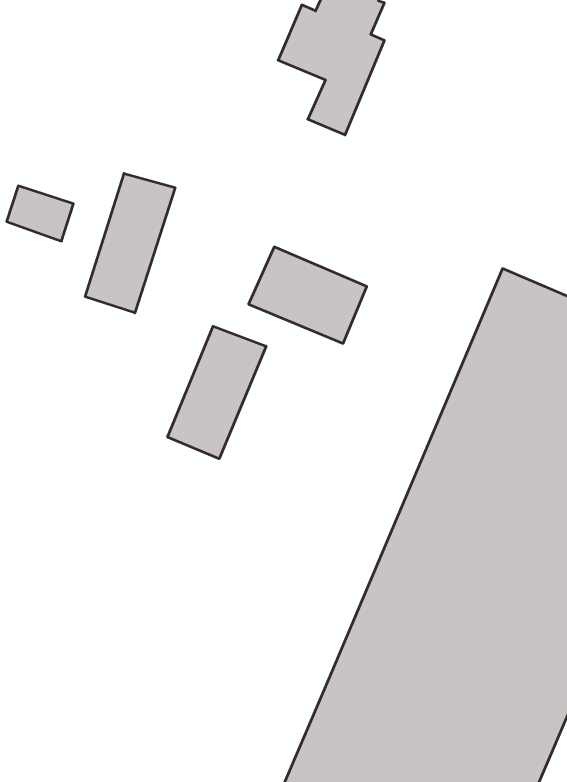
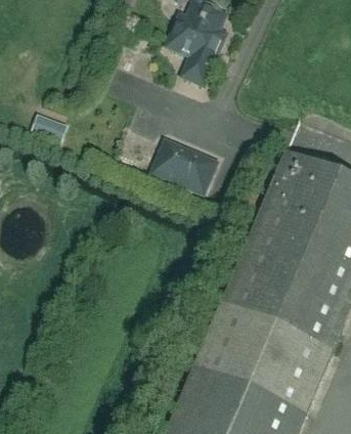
building: [85,173,175,313] -> none
building: [168,326,266,459] -> none

